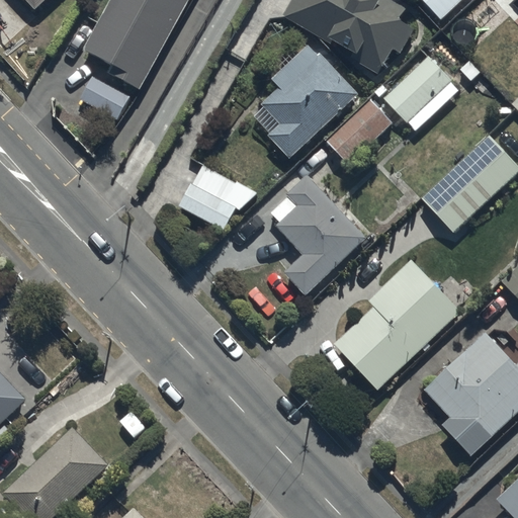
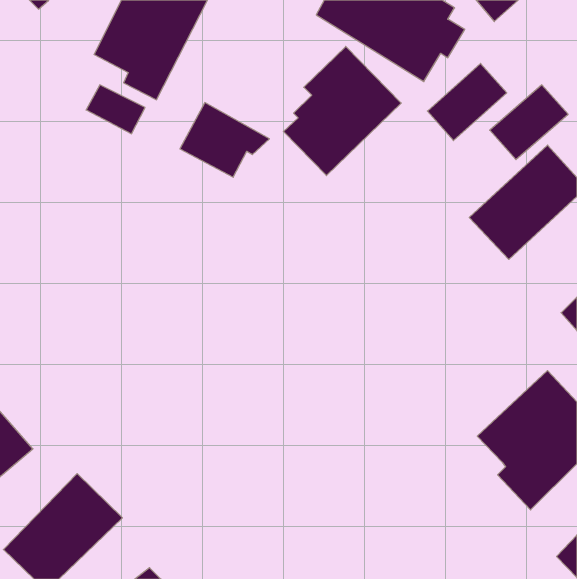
building: [323,97,393,164] -> [490,85,568,160]
building: [177,163,257,230] -> [180,103,269,177]
building: [277,179,365,296] -> none
building: [334,258,461,388] -> none

